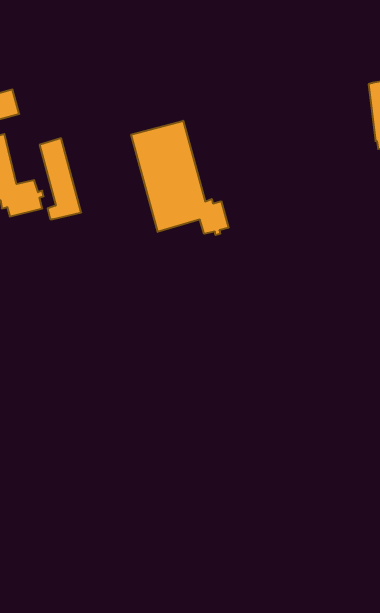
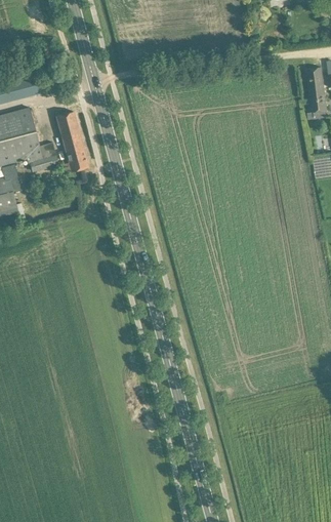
building: [131,121,229,235] -> none

